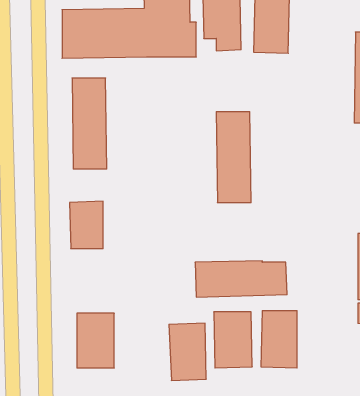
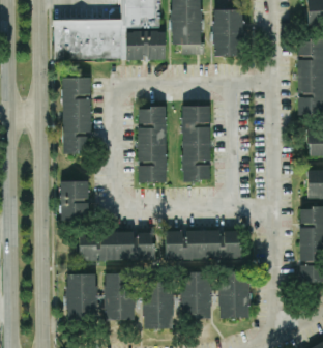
building: none -> [138,106,167,182]
building: none -> [79,232,154,260]
building: none -> [104,272,134,320]

